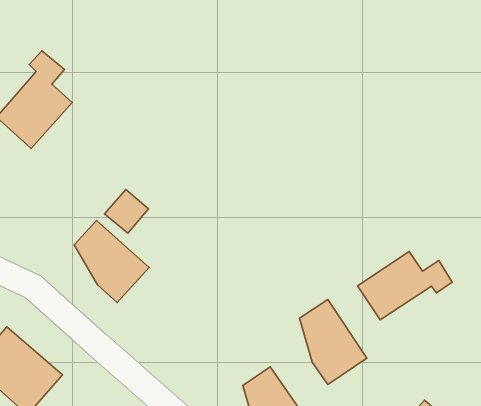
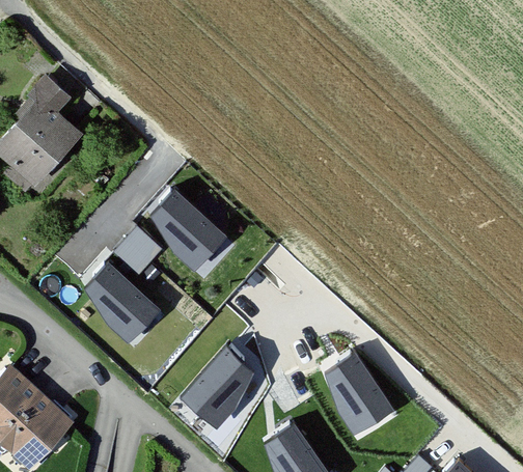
building: none -> [149,186,228,273]
building: [358,251,452,320] -> none
building: none -> [176,343,252,433]

